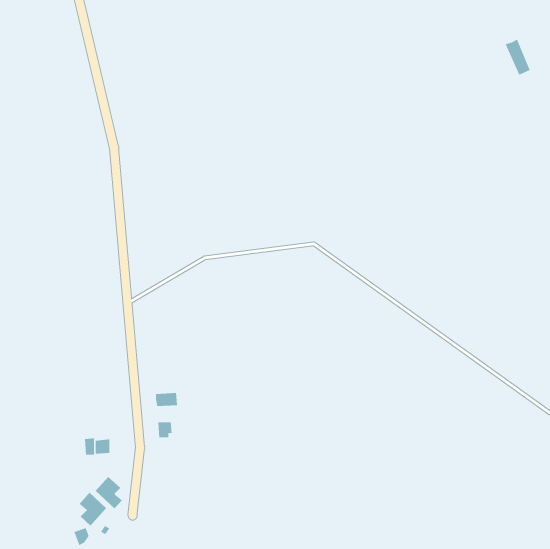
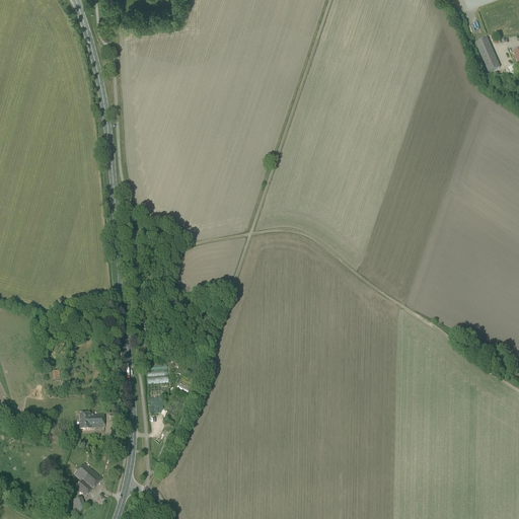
building: [95,476,123,509] -> none

